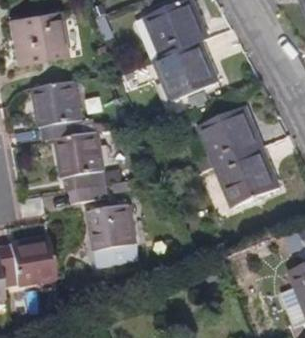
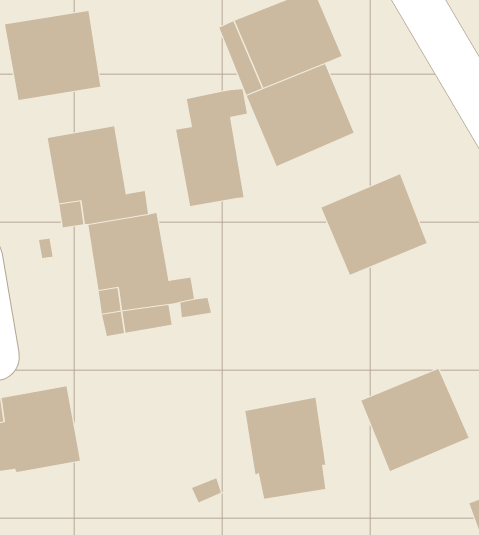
building: none -> [176,88,248,207]
building: [211,146,275,207] -> [361,368,469,472]
building: [88,202,136,262] -> [245,397,326,499]

